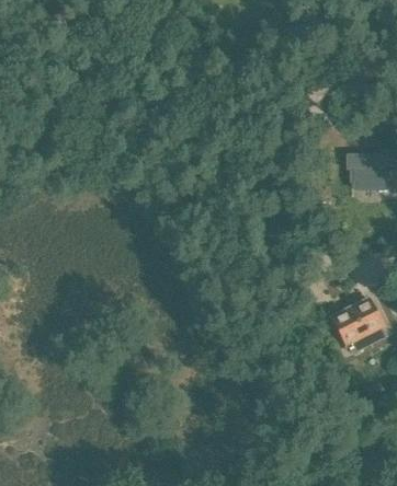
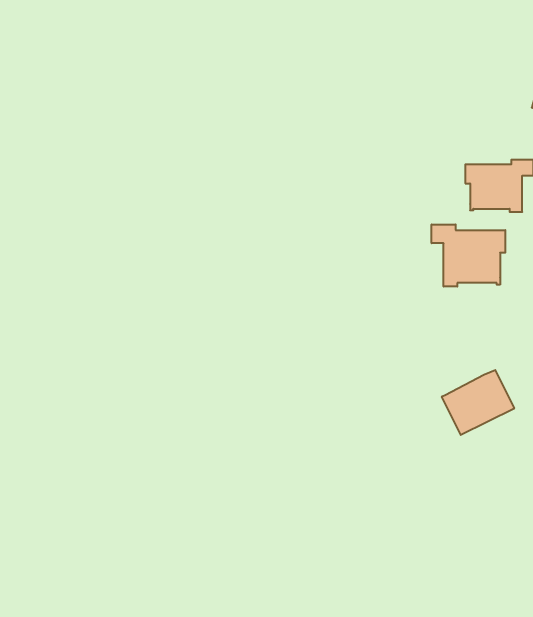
building: none -> [432,224,505,287]

